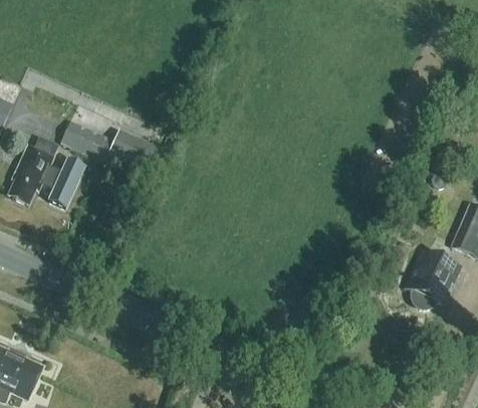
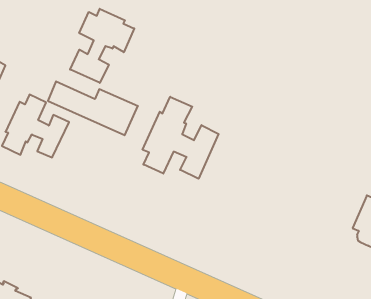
building: none -> [70,9,134,83]
building: none -> [143,97,219,179]

